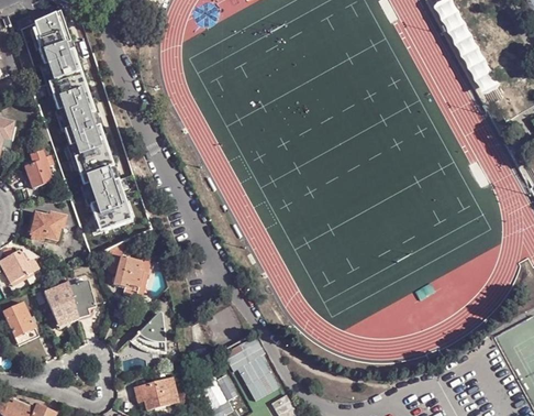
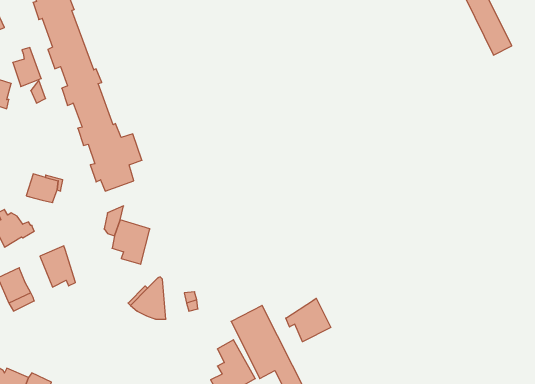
building: [25,151,53,188] -> [13,48,41,87]
building: [68,281,96,317] -> none
building: none -> [286,298,331,342]
building: [134,377,176,409] -> none

